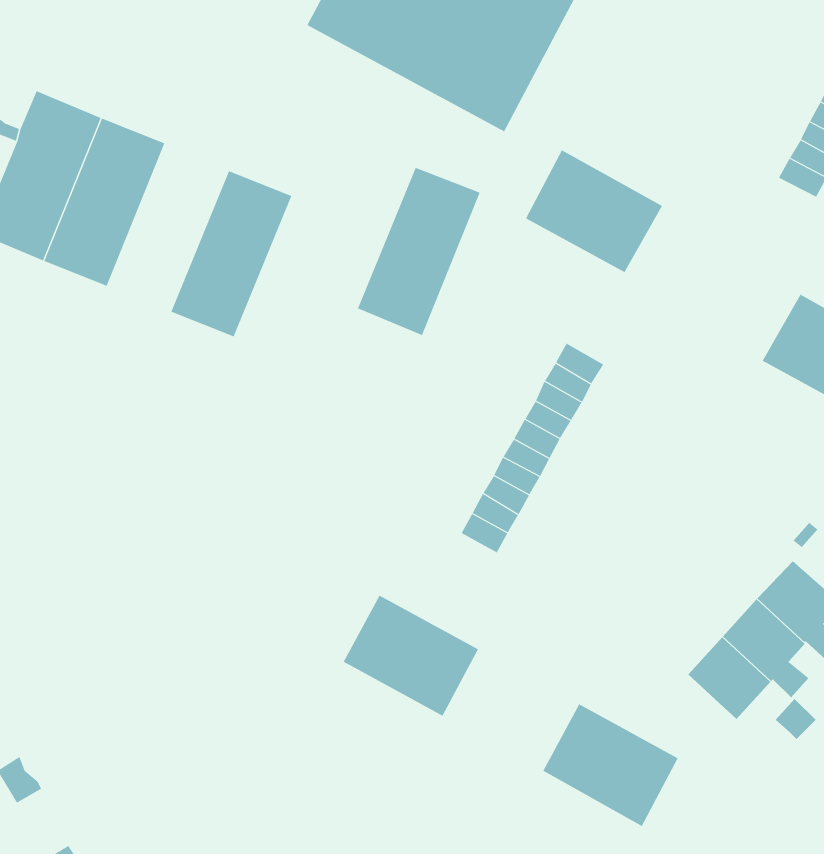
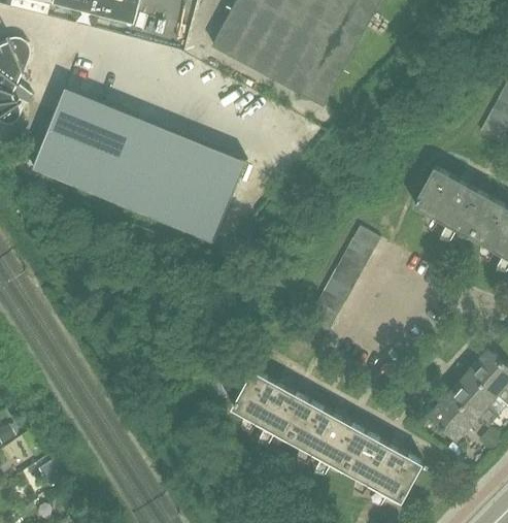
building: none -> [98,115,167,210]
building: [525,150,663,273] -> [413,168,492,238]
building: [357,167,481,336] -> [170,144,240,240]
building: none -> [289,402,366,471]

